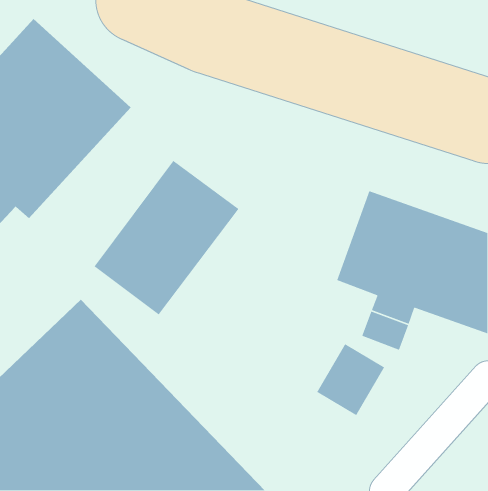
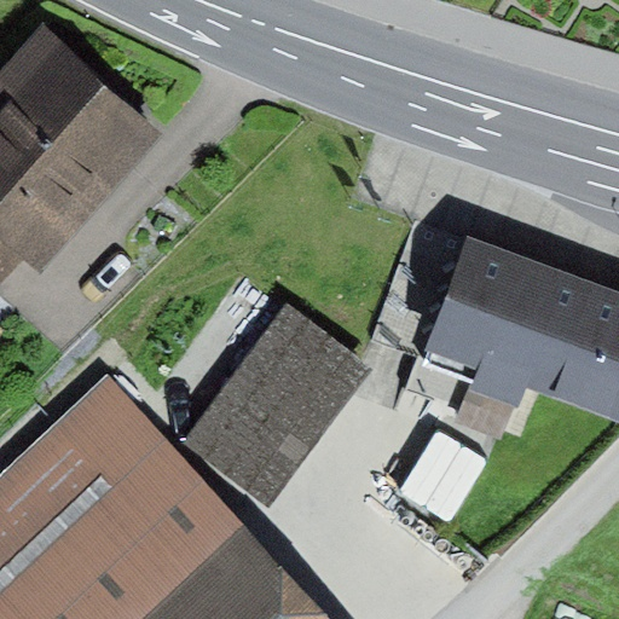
building: [93,160,239,315] -> [185,308,369,504]

